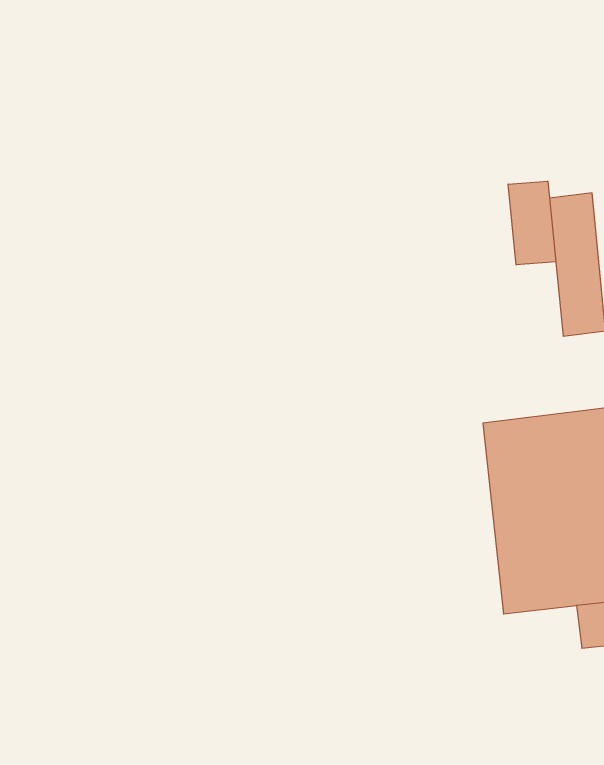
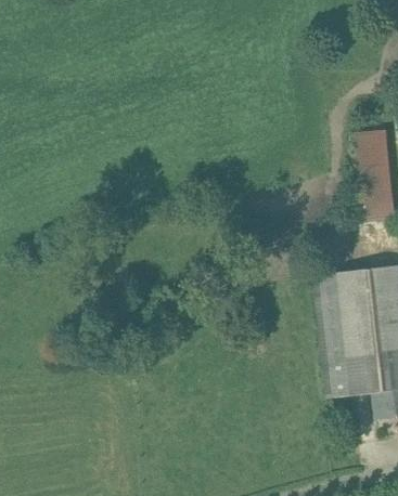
building: [508,181,556,265] -> none

